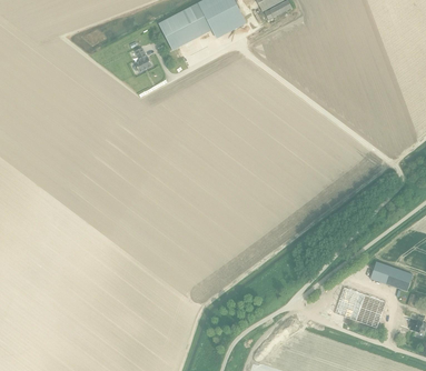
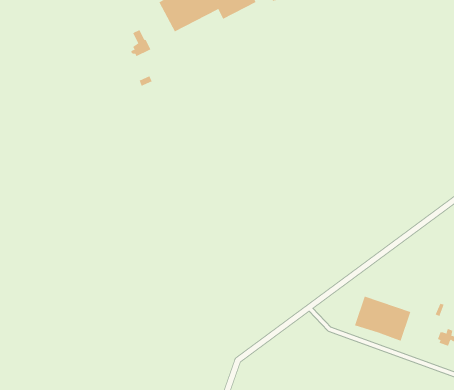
building: [369,260,412,290] -> none

